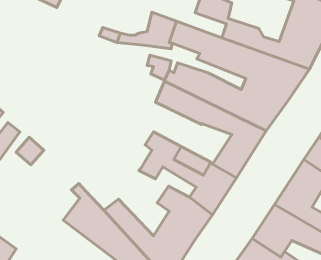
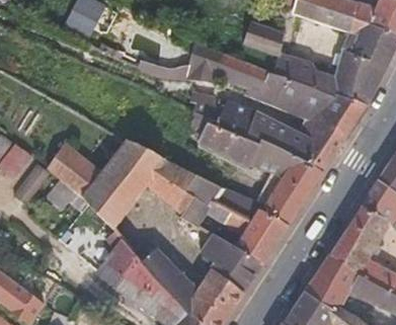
building: none -> [49,140,196,232]

